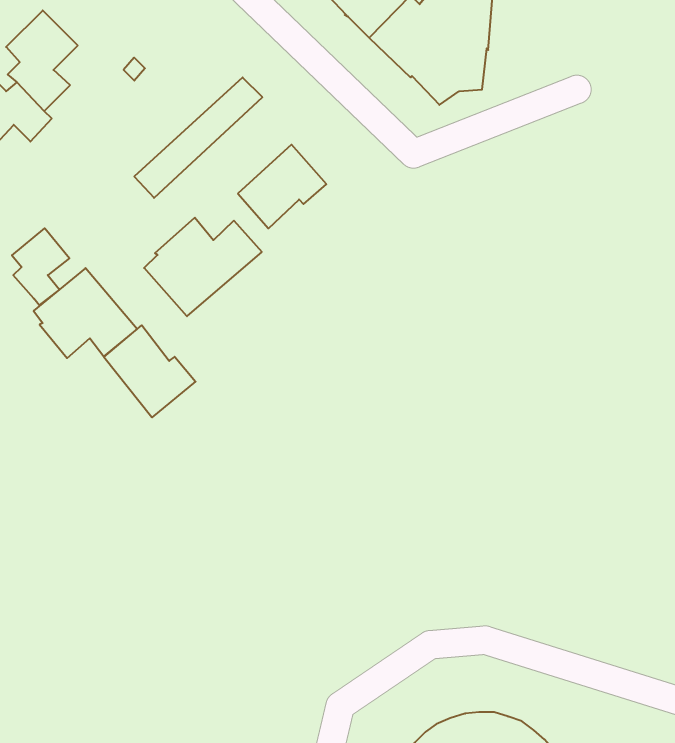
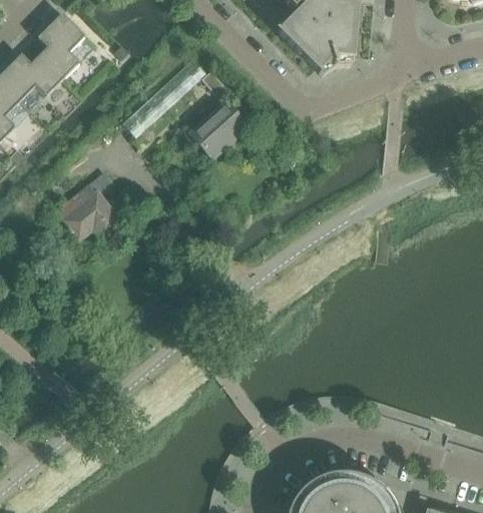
building: [144,218,262,316] -> none
building: [12,228,69,305] -> none
building: [104,325,196,417] -> none

